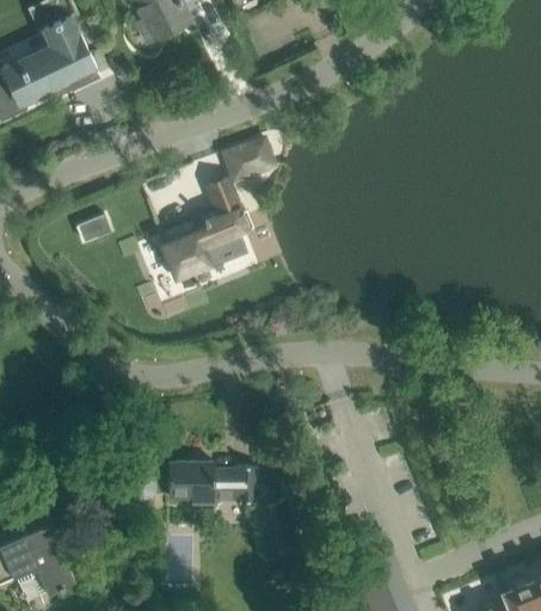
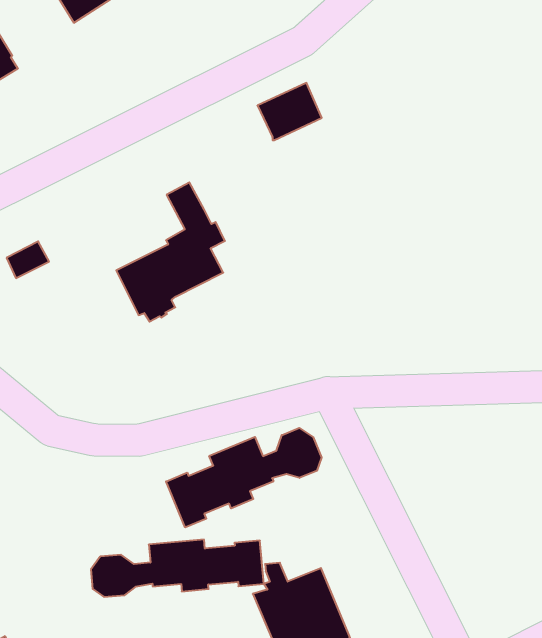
building: [223,137,273,180] -> [257,83,322,140]
building: none -> [166,428,322,527]

